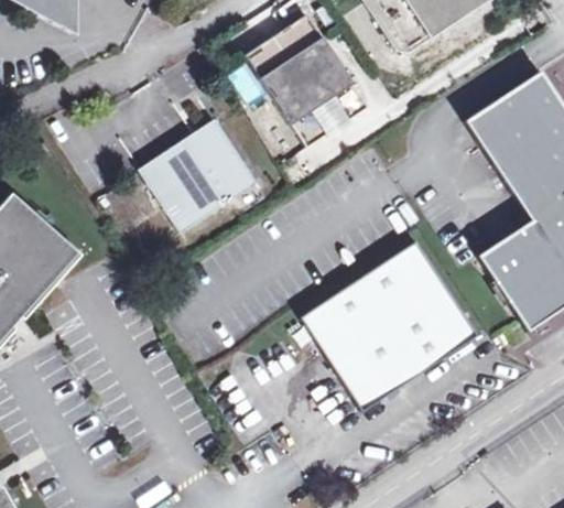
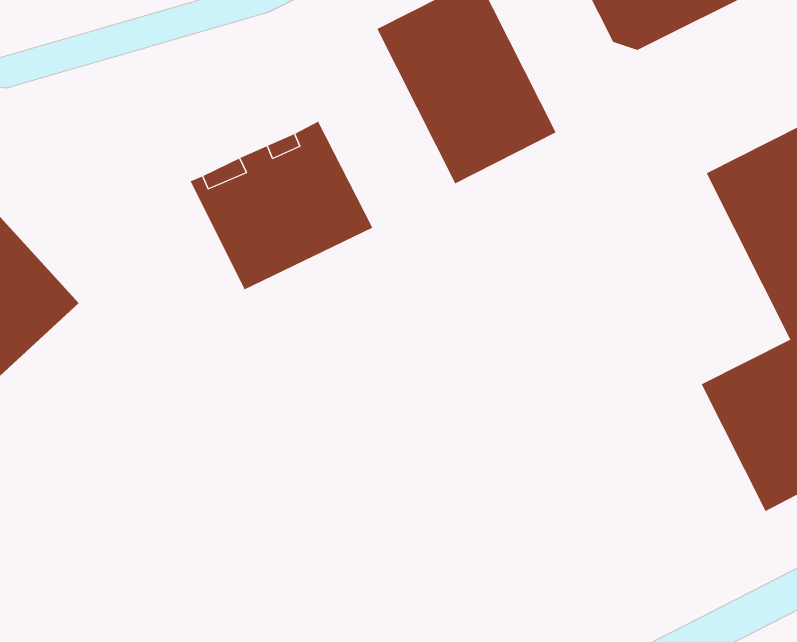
building: [299,238,477,411] -> none

